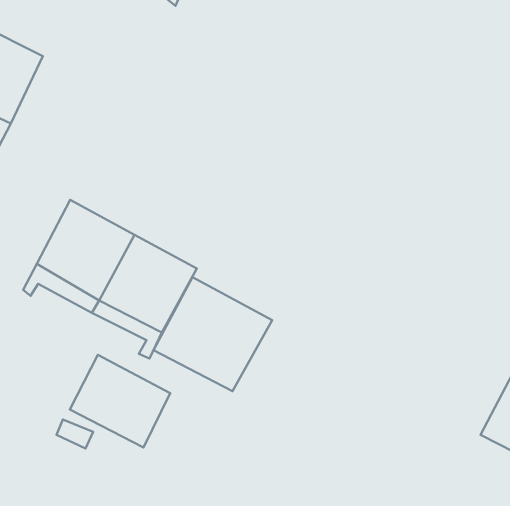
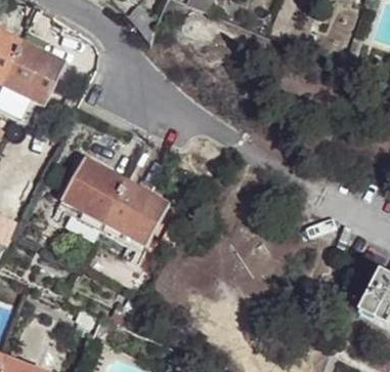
building: [154,277,272,391] -> none
building: [70,355,170,447] -> none

